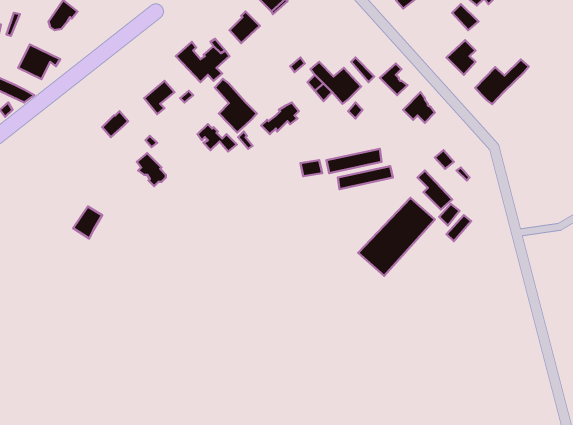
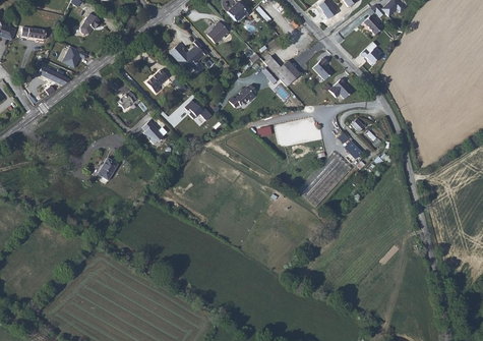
building: [475,60,529,104] -> none
building: [215,79,257,132] -> none

